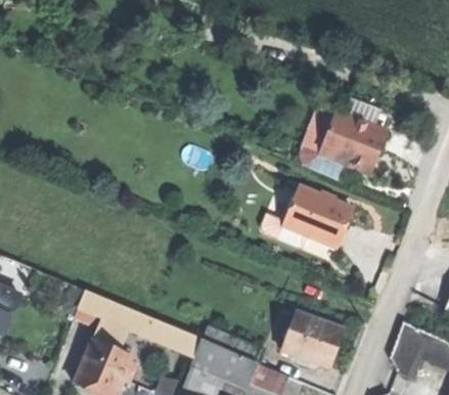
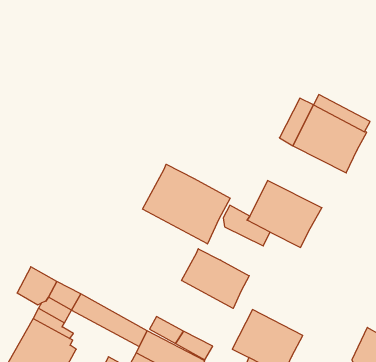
building: none -> [143,164,230,244]
building: none -> [182,249,249,308]

